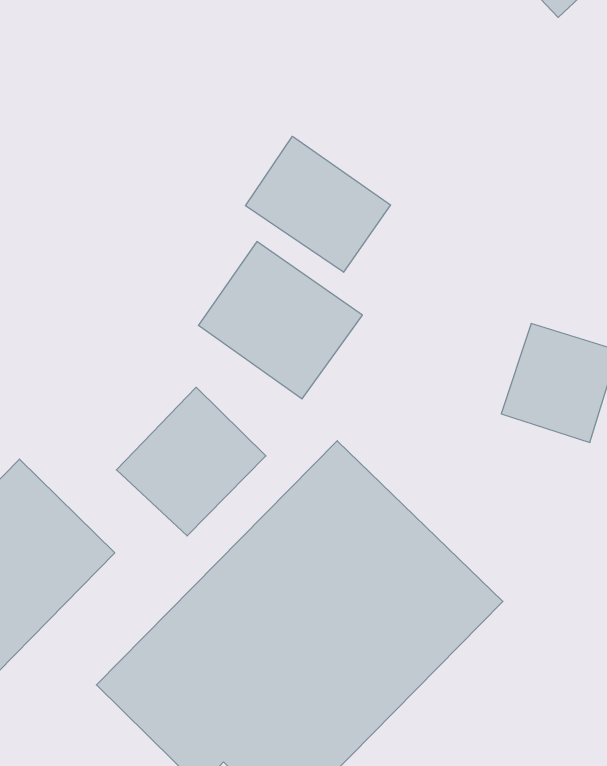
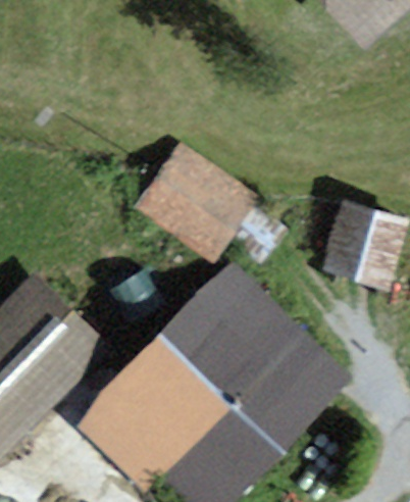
building: [245,136,391,272] -> none
building: [116,387,266,536] -> none

